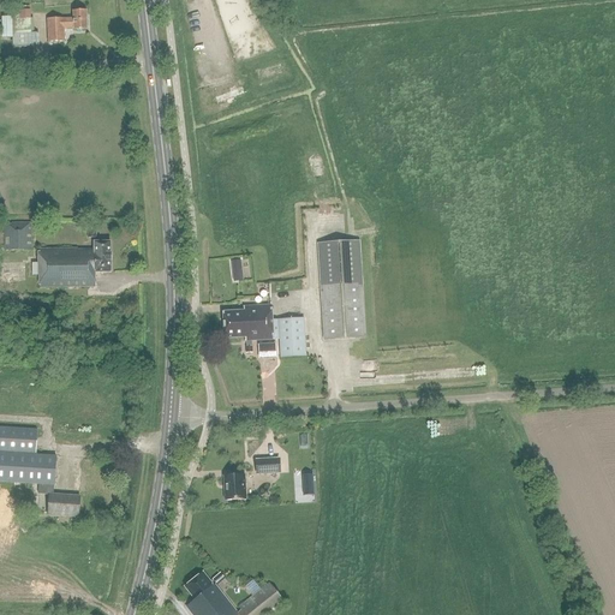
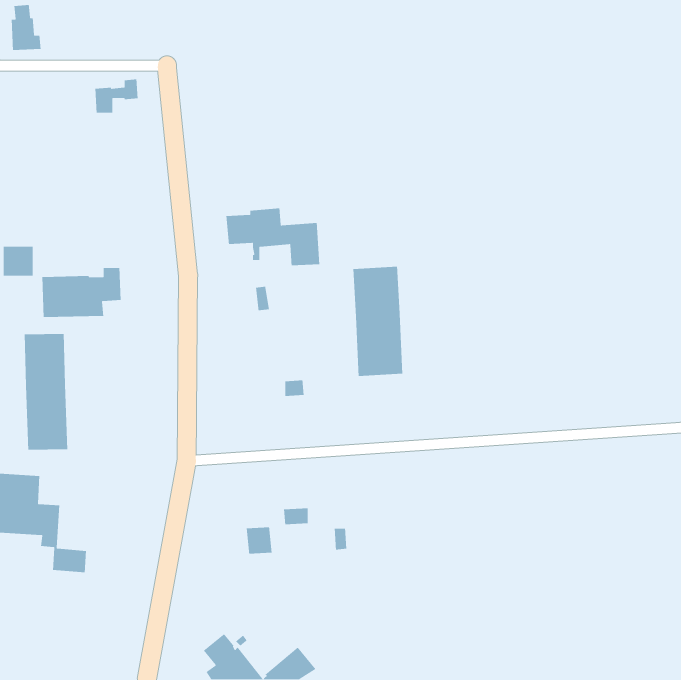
building: [46,8,85,40] -> [94,79,138,113]
building: none -> [24,333,68,451]
building: [220,303,305,356] -> [225,207,320,266]

